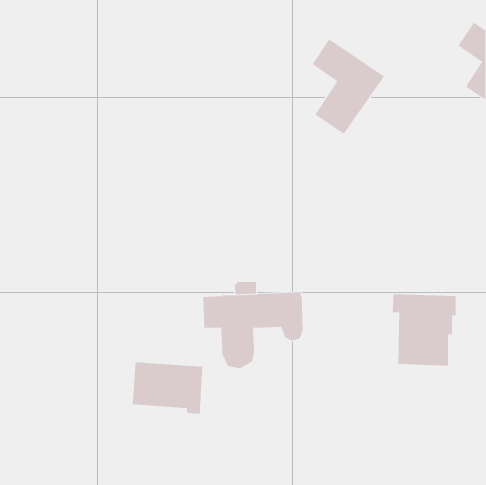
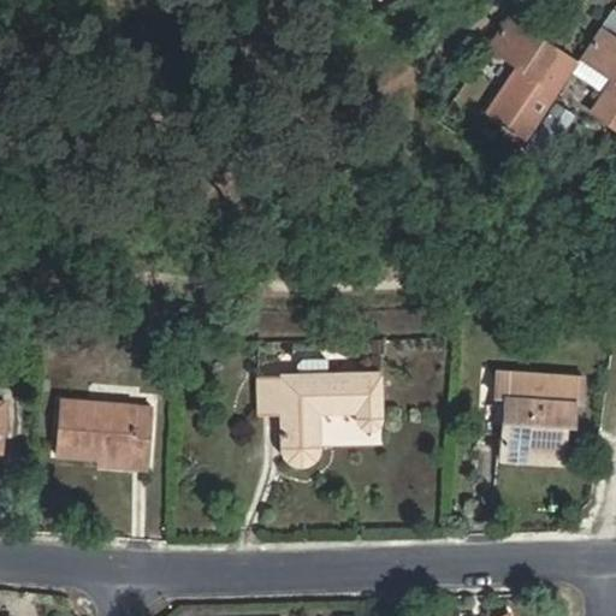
building: [312,38,385,134] -> [484,16,576,137]
building: [132,362,203,414] -> [60,403,150,469]

